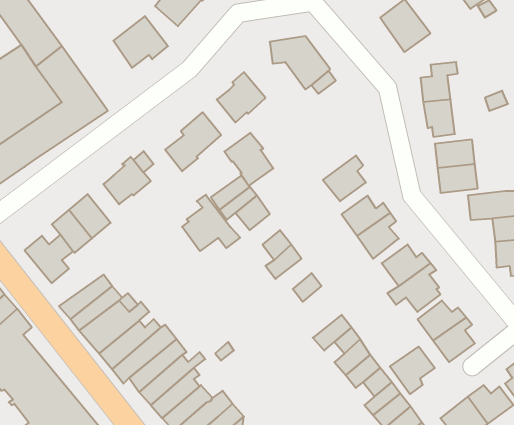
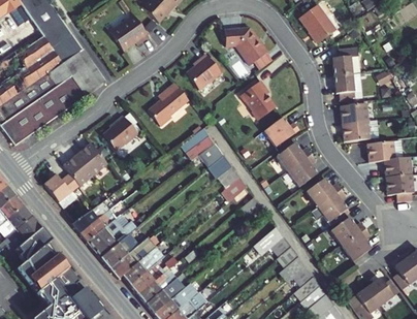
building: [224,133,273,186] -> [240,82,276,120]
building: [182,195,240,251] -> none
building: [390,347,435,394] -> none

